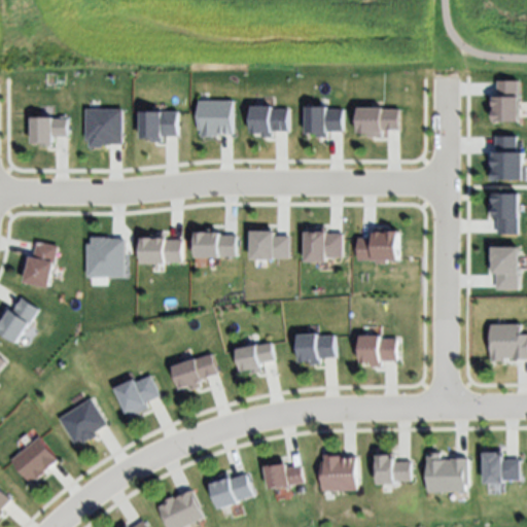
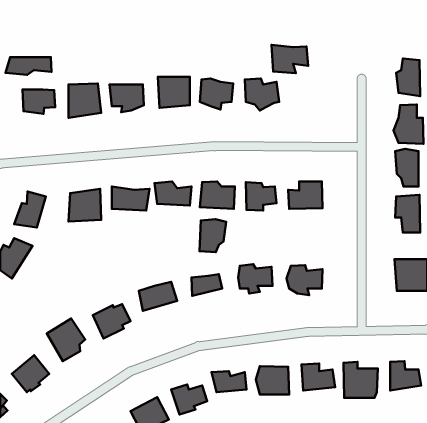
building: none -> [6,57,52,75]
building: [354,104,399,139] -> [271,45,308,73]
building: none -> [199,219,226,252]

